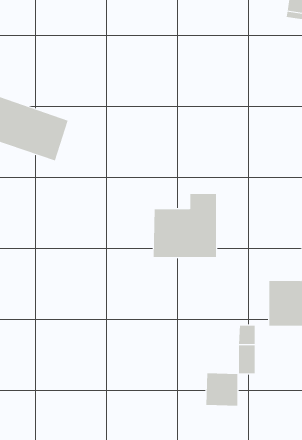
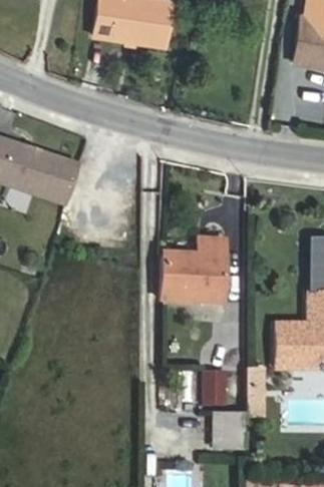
building: none -> [203,370,226,405]

